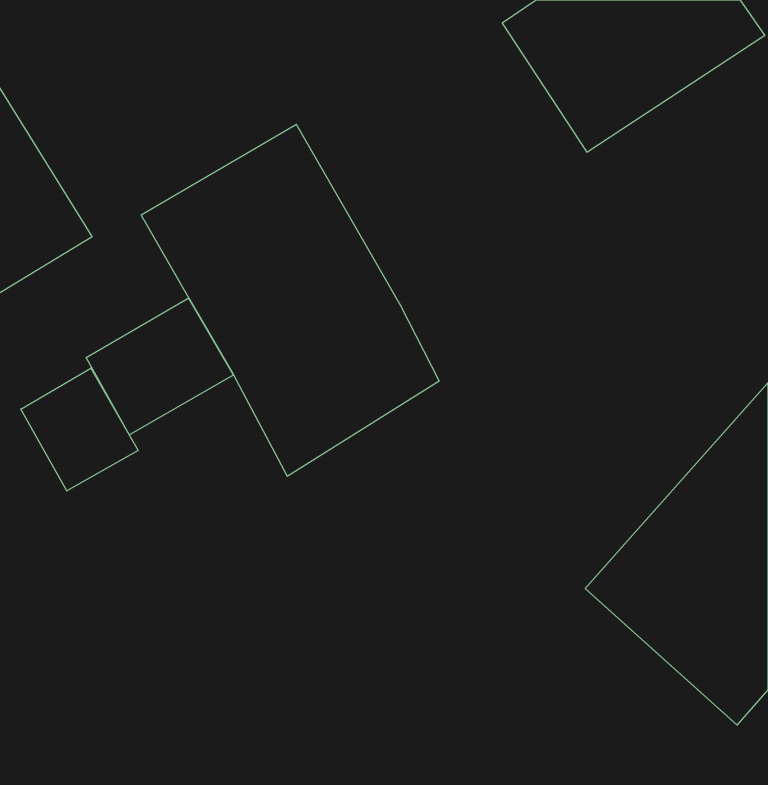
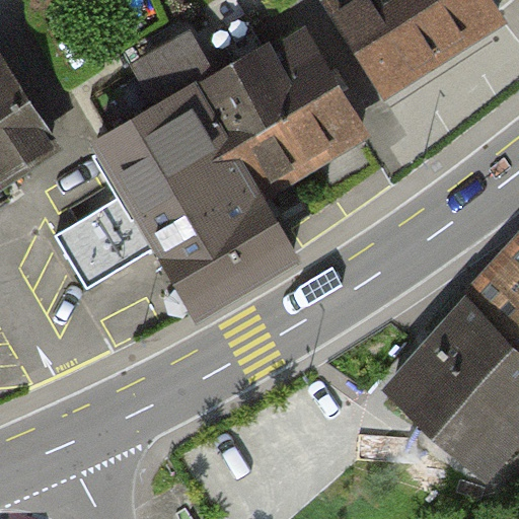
building: none -> [196,21,371,202]
building: [21,368,138,491] -> none

